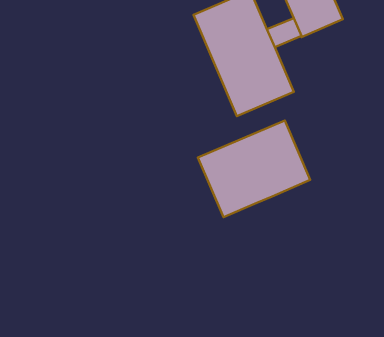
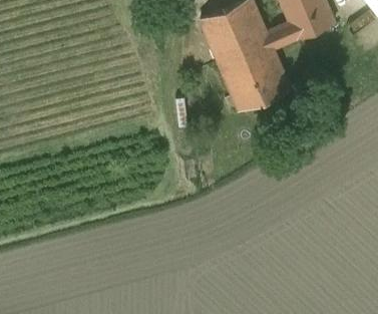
building: [198,120,310,217] -> none

